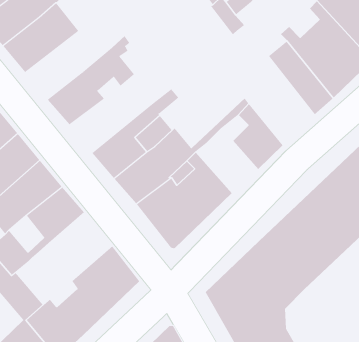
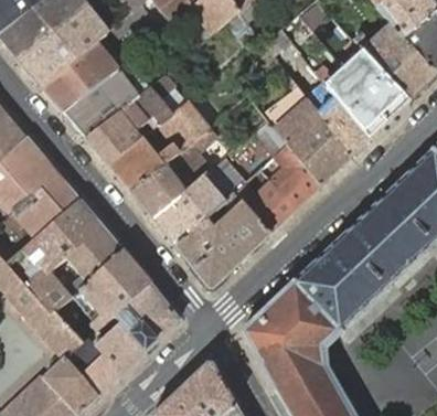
building: none -> [64,62,150,139]
building: none -> [263,85,352,184]
building: none -> [108,100,210,192]
building: none -> [234,180,296,232]
building: none -> [55,250,151,342]

